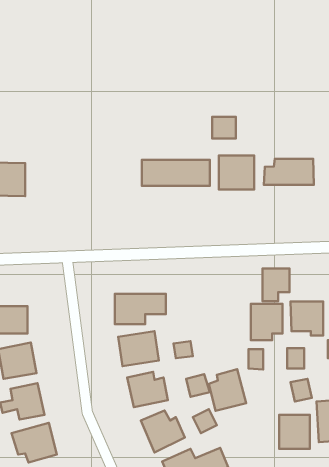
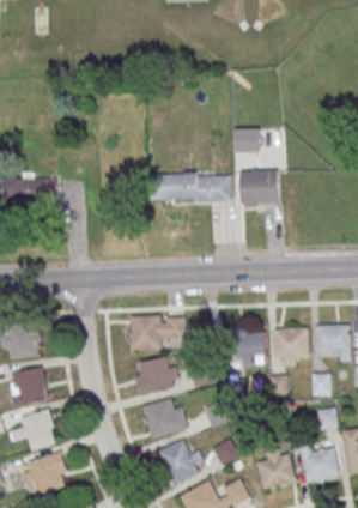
building: [264,159,314,185] -> none
building: [262,268,290,301] -> [236,329,265,364]
building: [209,369,246,411] -> [257,447,297,491]

